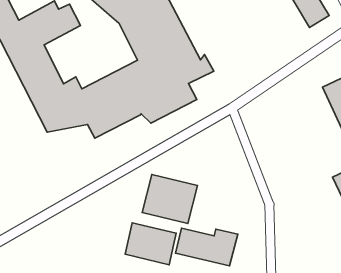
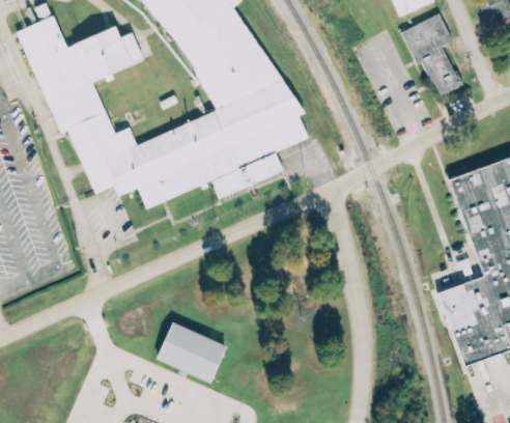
building: [142,174,197,224] -> none
building: [175,228,238,266] -> none

